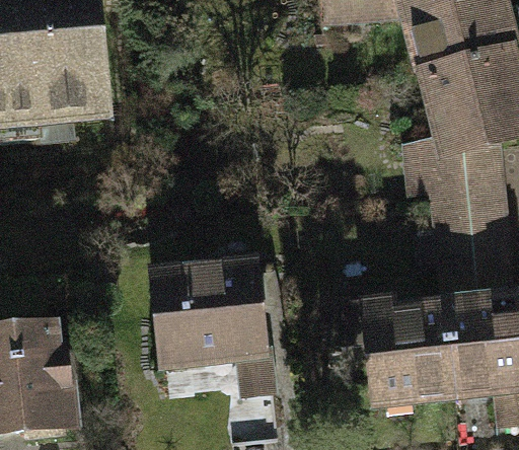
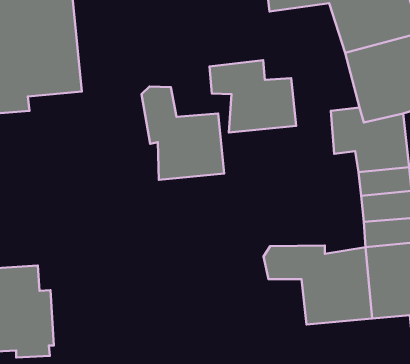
building: none -> [210,60,296,133]
building: none -> [142,86,224,180]
building: [153,265,264,363] -> none

